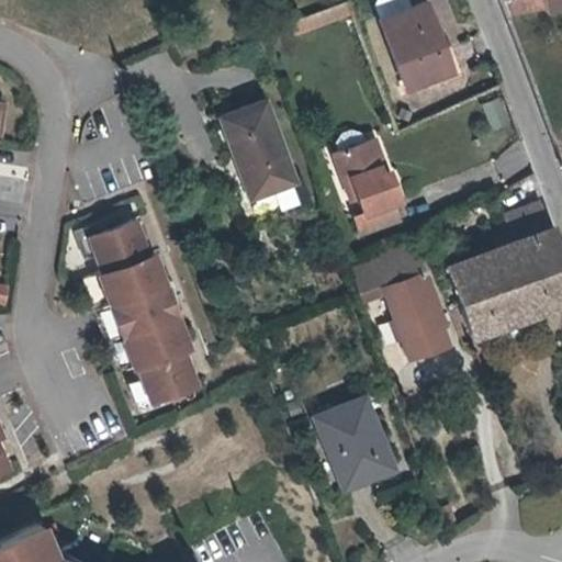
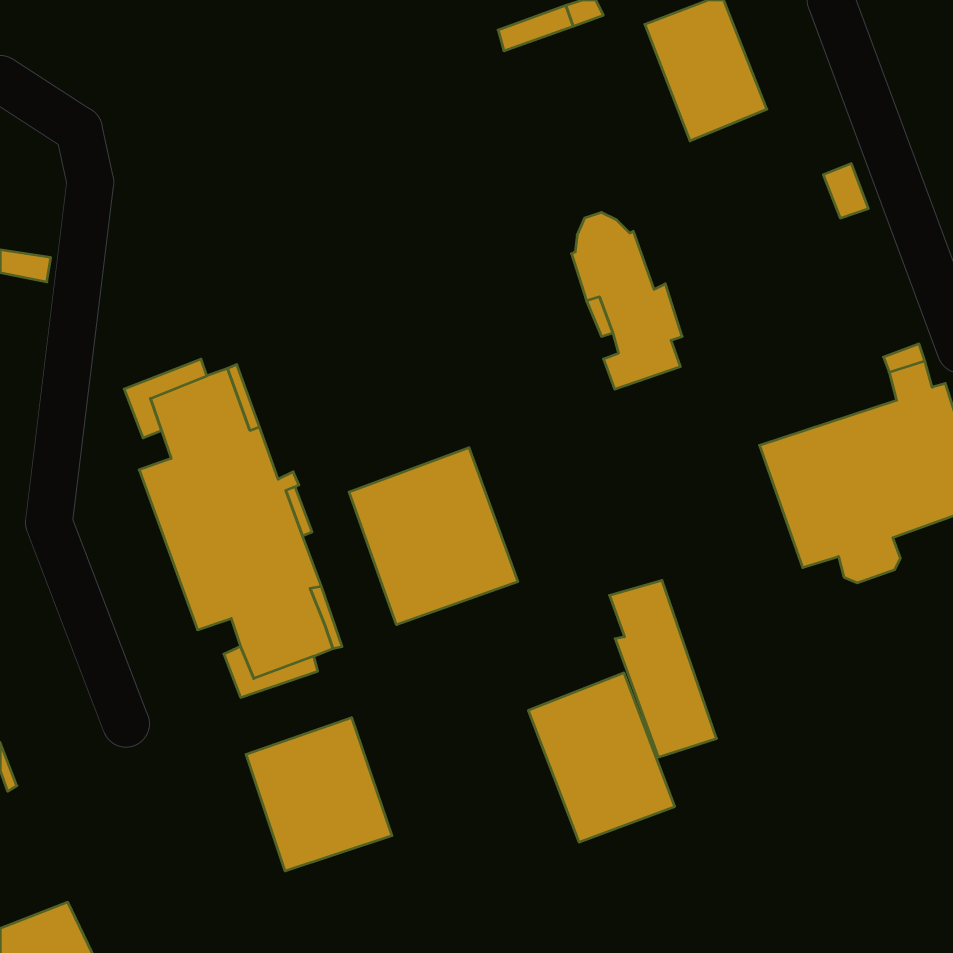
building: [226,101,297,196] -> none
building: [385,256,448,359] -> [609,580,717,757]
building: none -> [349,448,518,625]
building: none -> [246,718,392,871]

